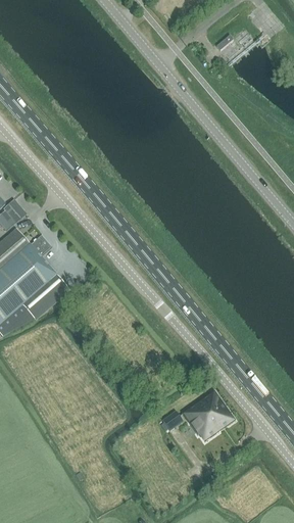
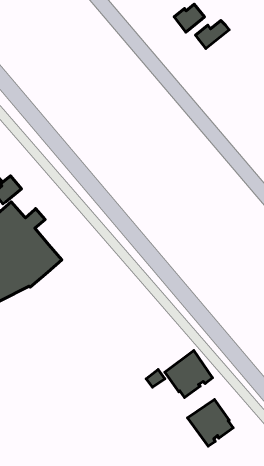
building: none -> [174,4,204,32]
building: none -> [187,399,233,446]

